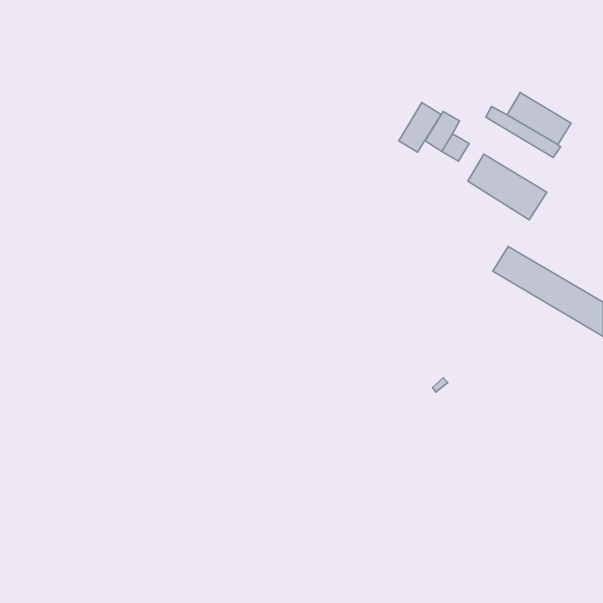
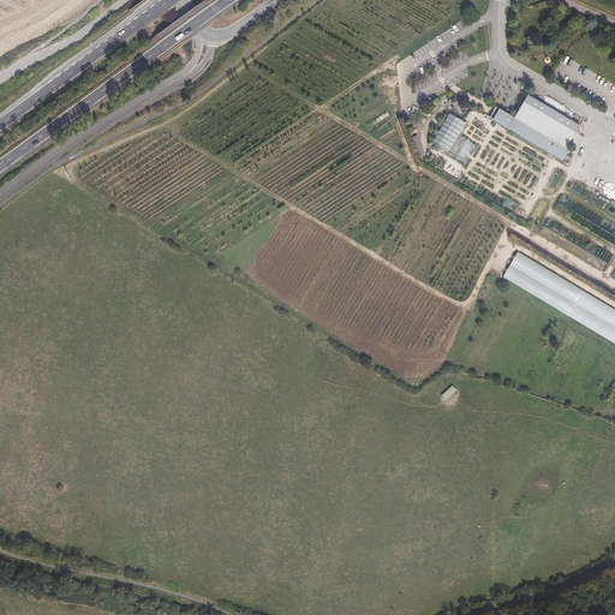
building: [399,102,441,152] -> none
building: [468,154,547,220] -> none

